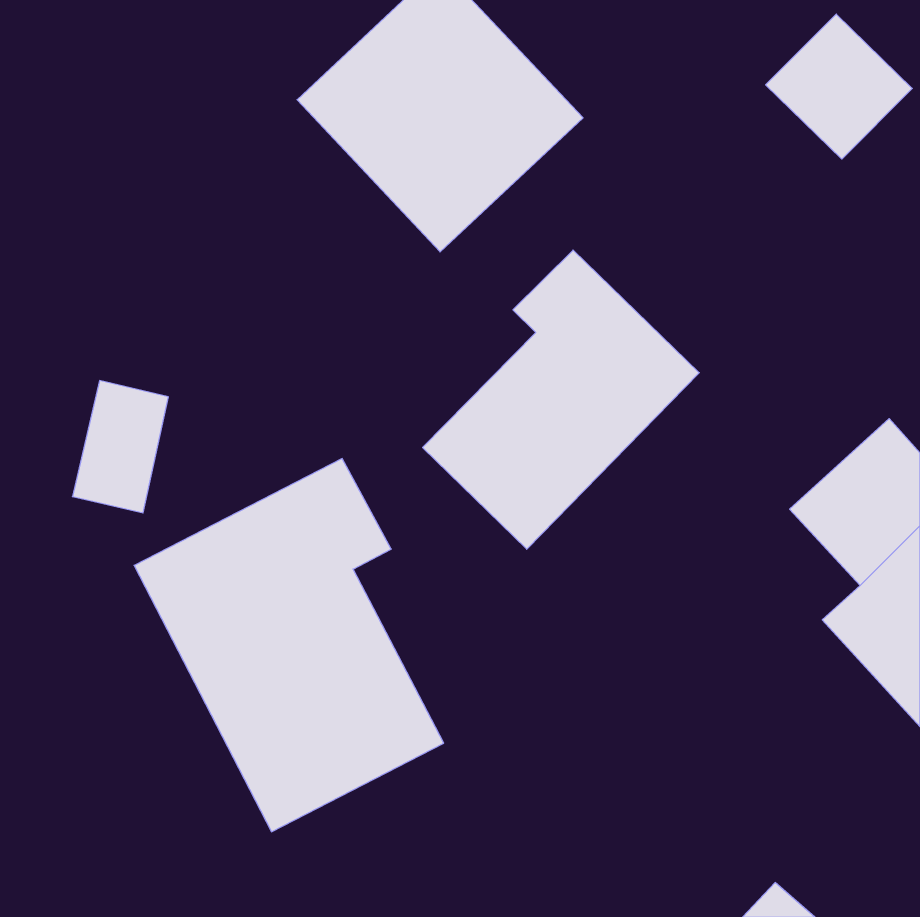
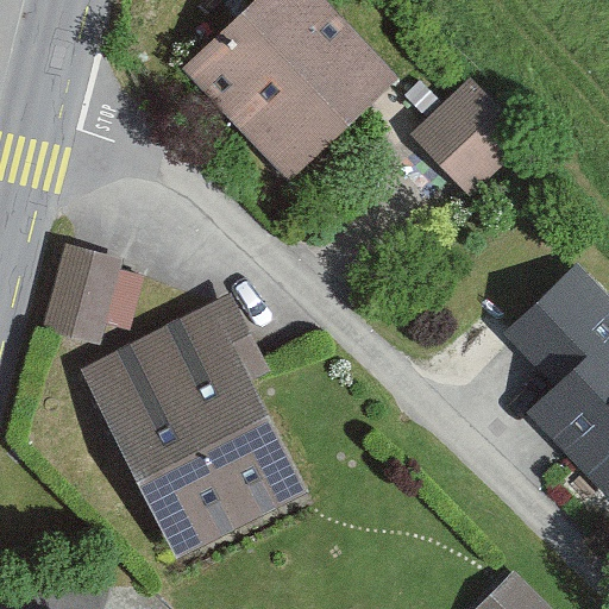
building: [766,14,912,159] -> [419,88,515,183]
building: [423,250,699,549] -> none

